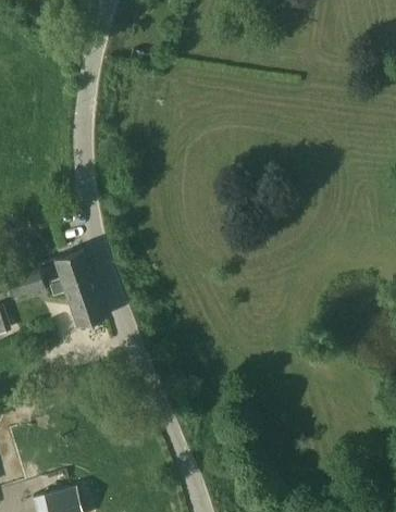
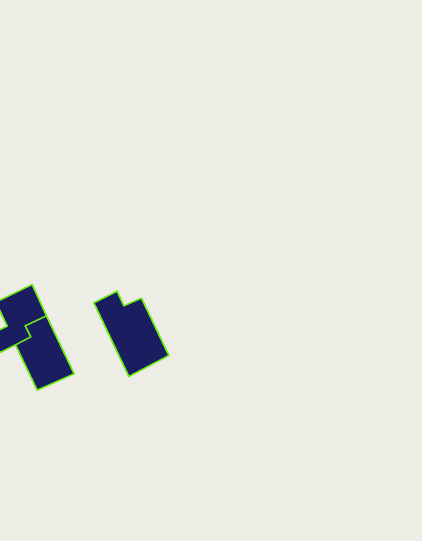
building: none -> [94,291,169,376]

